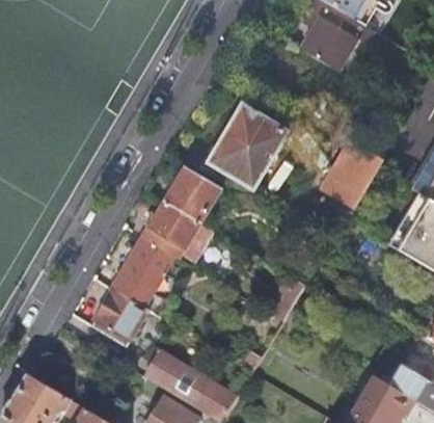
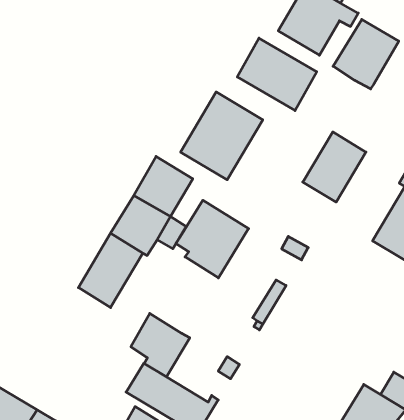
building: none -> [333,19,399,89]
building: none -> [237,38,317,111]
building: none -> [176,200,249,278]
building: [94,287,150,346] -> [131,313,190,377]

